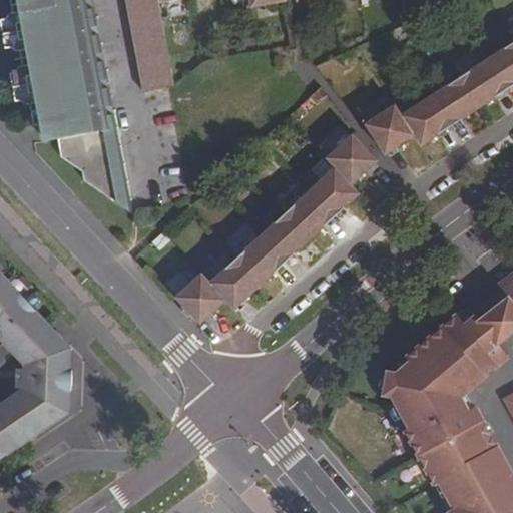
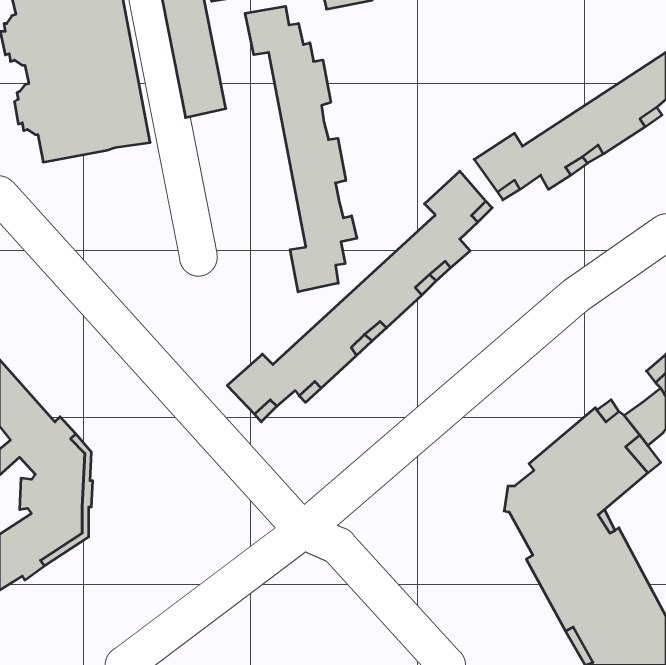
building: none -> [245,6,357,292]
building: [58,109,135,214] -> none

